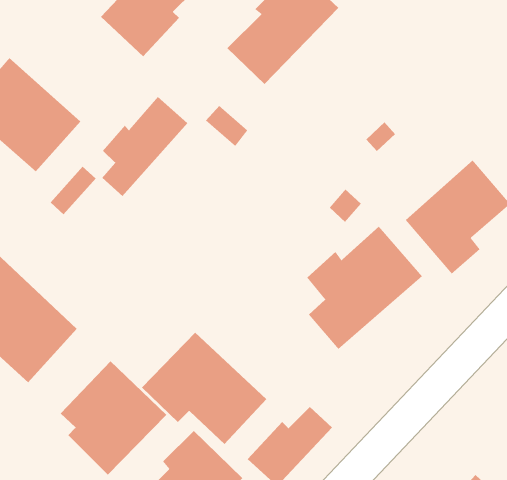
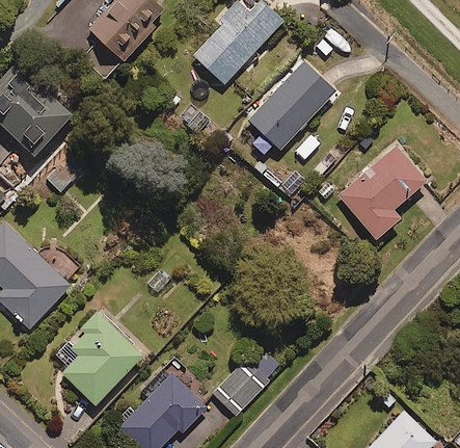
building: none -> [248,56,336,151]
building: [102,96,188,197] -> none
building: [306,226,423,350] -> none
building: [141,332,267,445] -> none

